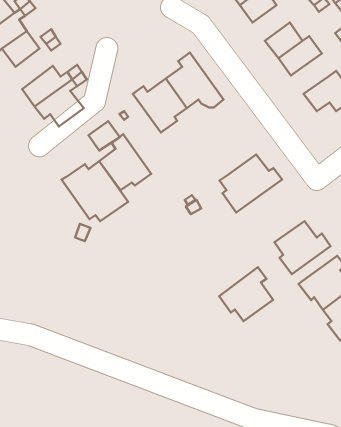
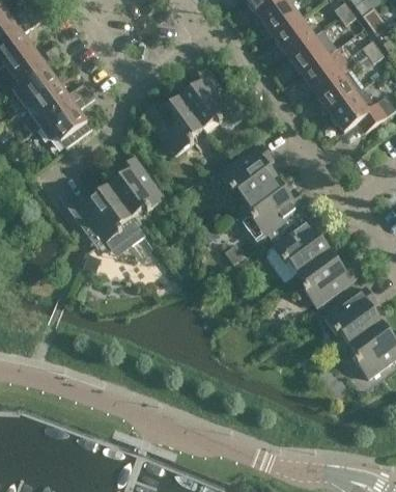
building: none -> [274,17,314,55]
building: none -> [11,63,59,107]
building: none -> [315,74,356,112]
building: [88,121,120,151] -> none
building: none -> [220,143,278,200]
building: [219,267,273,321] -> [272,214,330,272]

